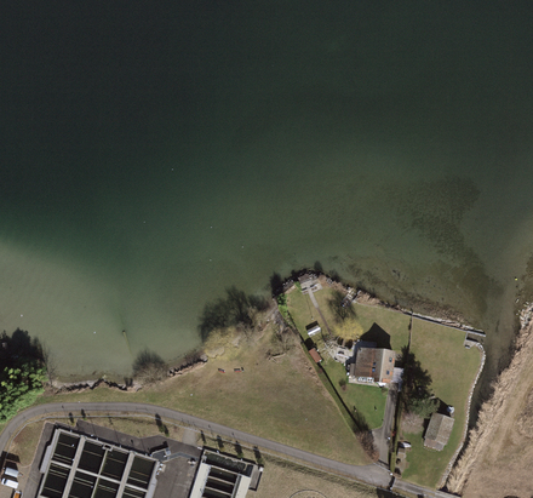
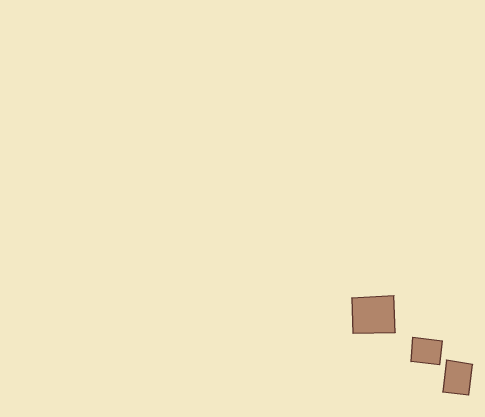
building: none -> [411,337,442,365]

